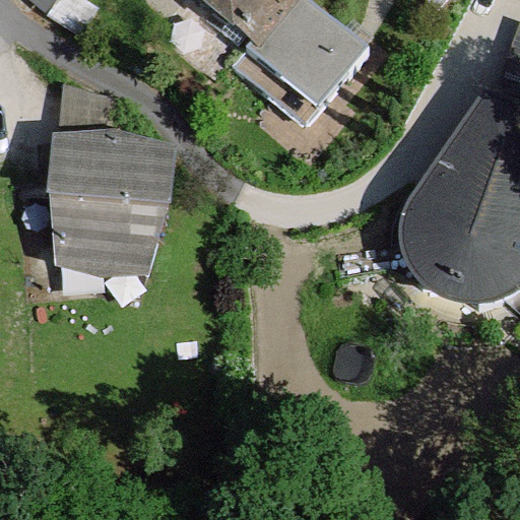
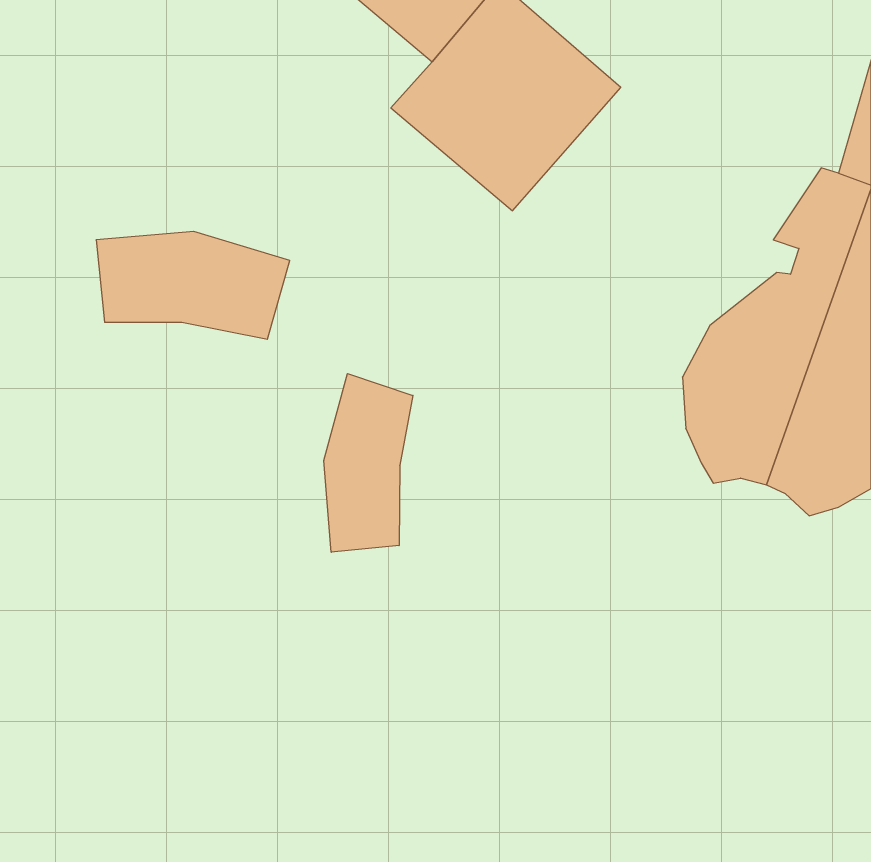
building: [53,191,167,266] -> none
building: none -> [324,374,413,552]

